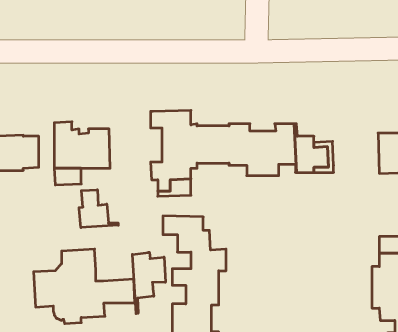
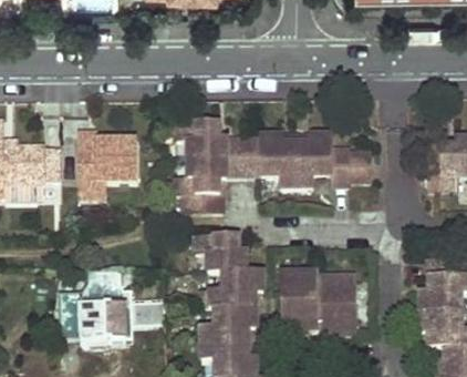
building: [79,190,118,228] -> none
building: none -> [280,273,355,333]
building: [132,252,165,314] -> none

